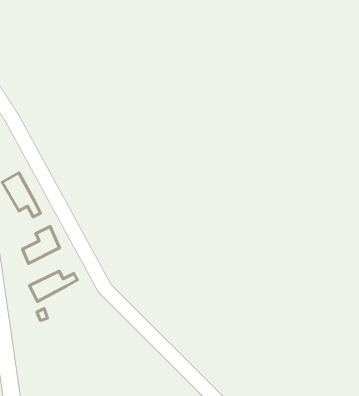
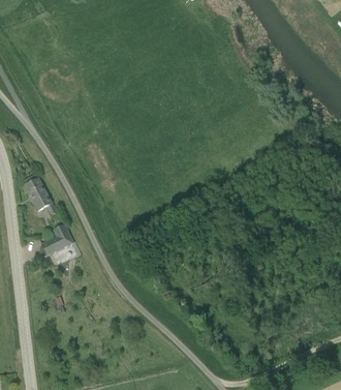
building: [29,271,78,301] -> none

